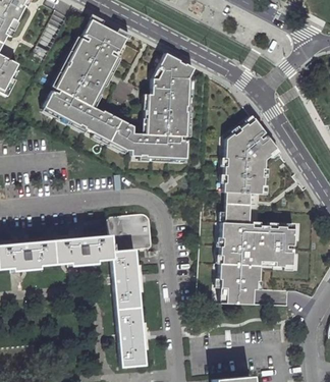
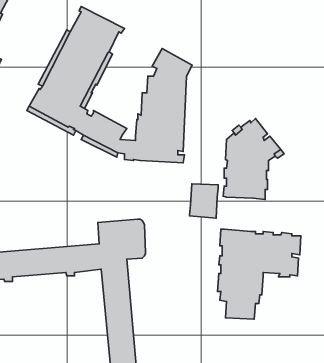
building: [224,192,251,223] -> [189,184,218,218]

